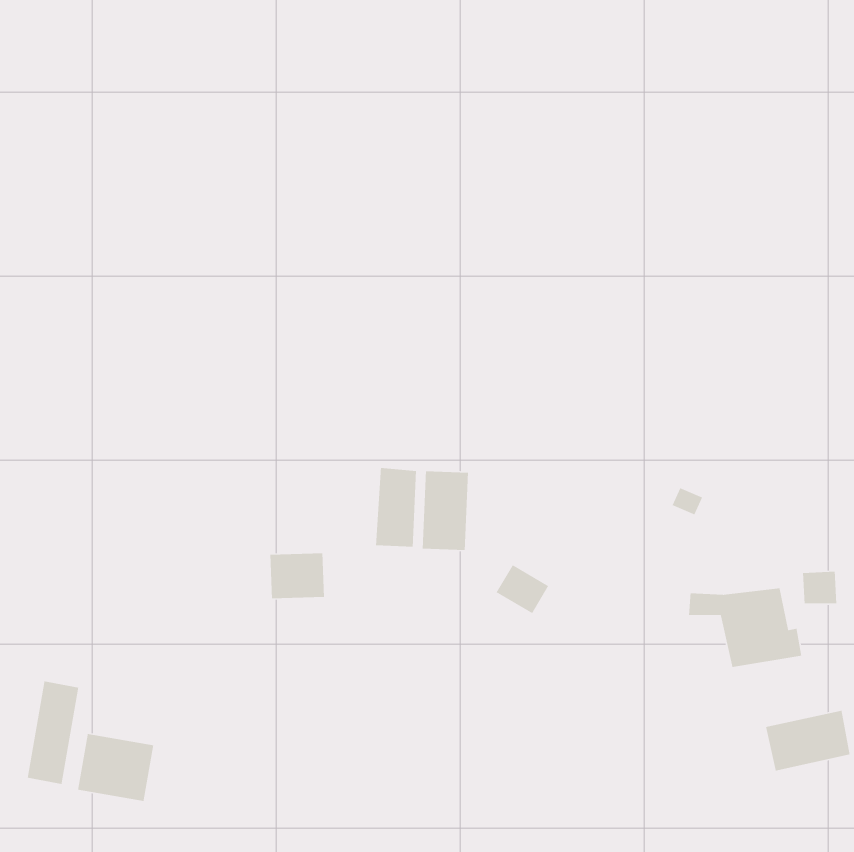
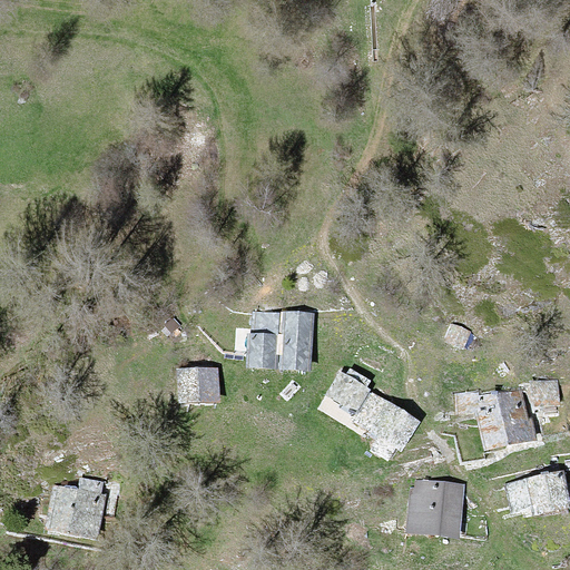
building: none -> [360,394,416,455]
building: [27,681,79,785] -> none
building: none -> [413,481,462,531]

